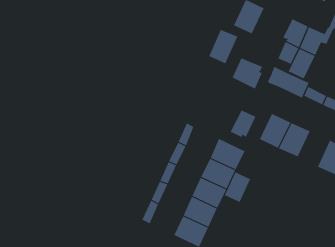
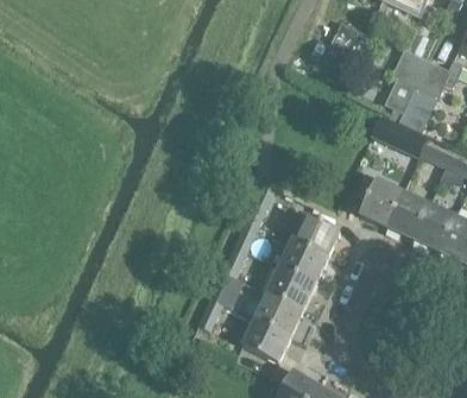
building: [208,29,238,64] -> none
building: [232,57,263,89] -> none
building: [230,109,256,138] -> none
building: none -> [414,202,456,251]
building: [224,172,251,203] -> none

